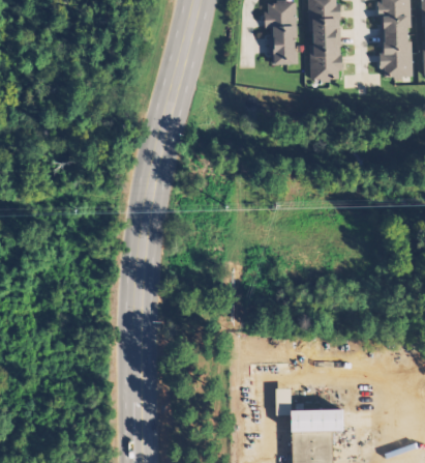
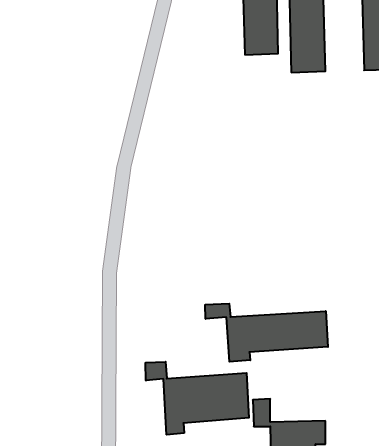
building: none -> [205,304,328,362]
building: none -> [146,362,249,435]

